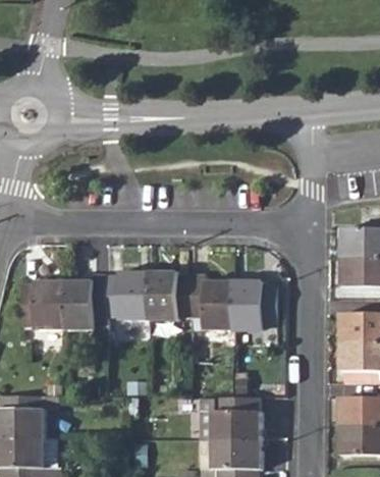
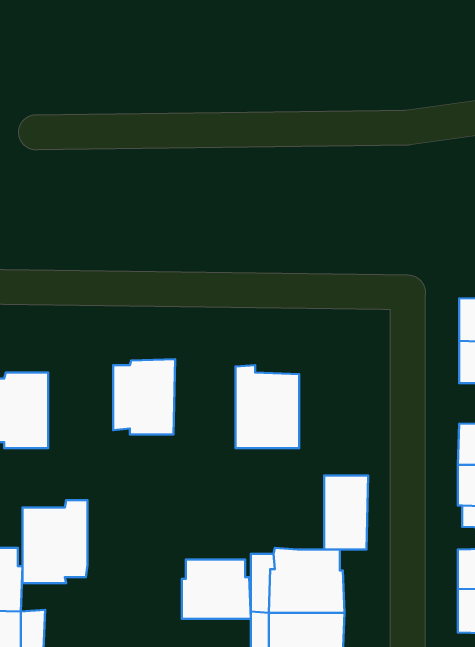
building: [148,270,189,321] -> none
building: [63,274,107,330] -> [22,500,87,583]
building: [232,280,262,330] -> [324,475,368,549]
building: none -> [182,559,251,619]

